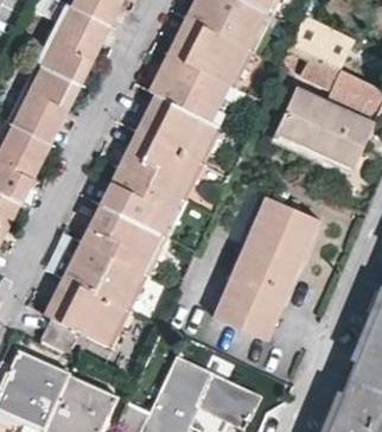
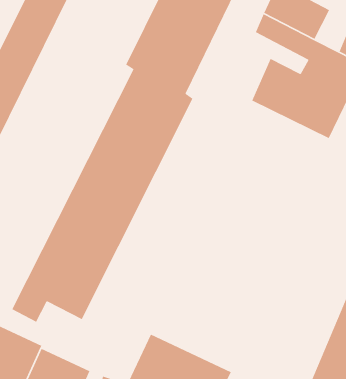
building: [212,193,320,341] -> none

